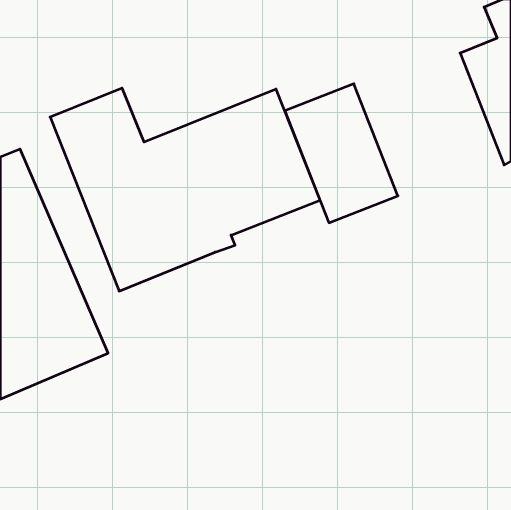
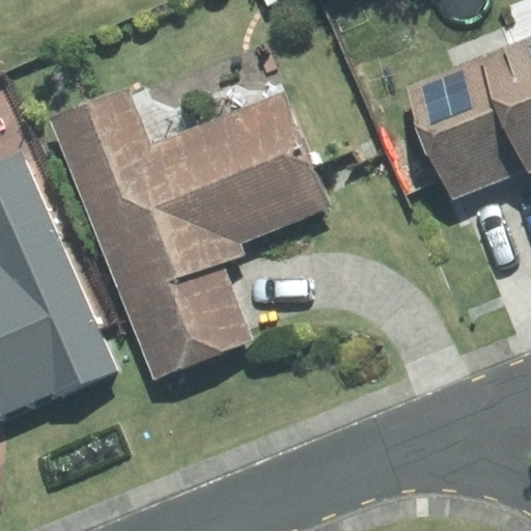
building: [285,84,398,223] -> [406,55,523,199]
building: none -> [123,261,254,379]

